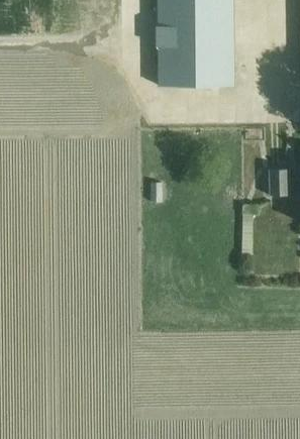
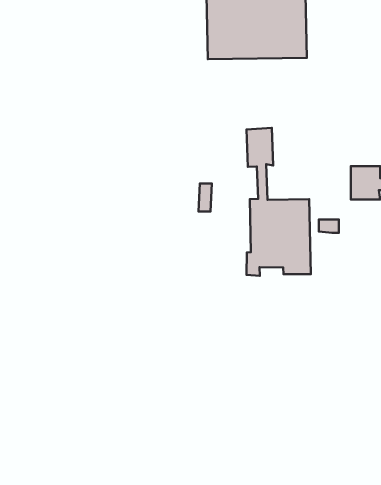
building: none -> [246,128,311,276]

